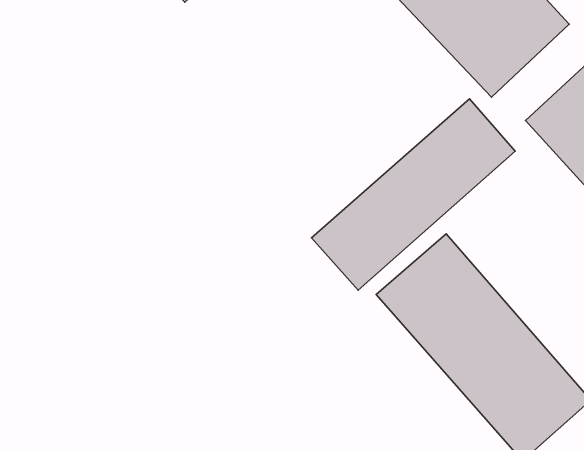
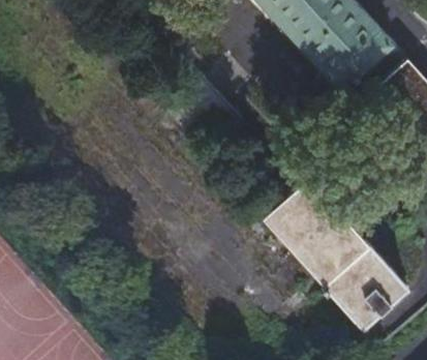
building: [311,99,515,290] -> none

